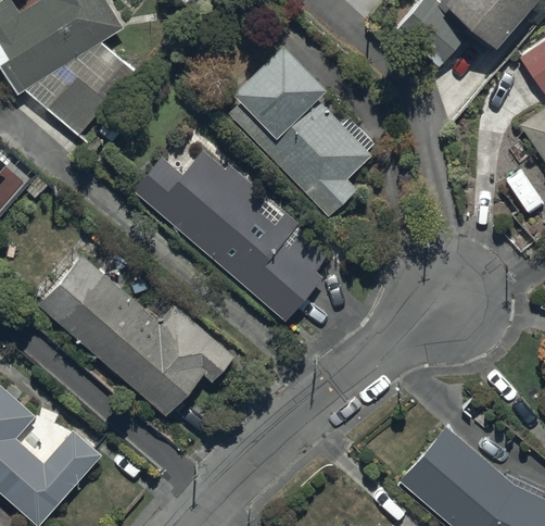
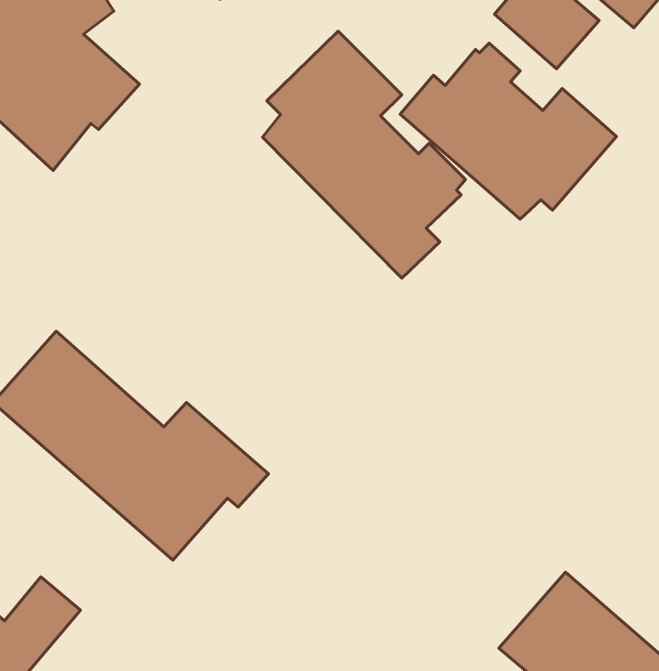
building: none -> [400,43,616,219]
building: [132,137,333,321] -> none

